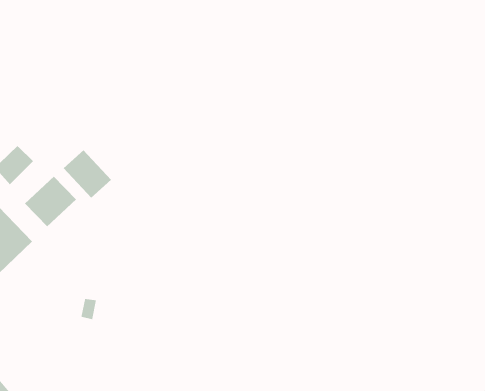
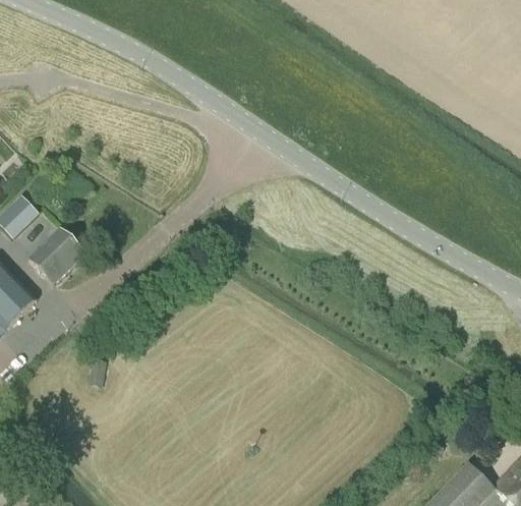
building: [63,149,112,199] -> none

